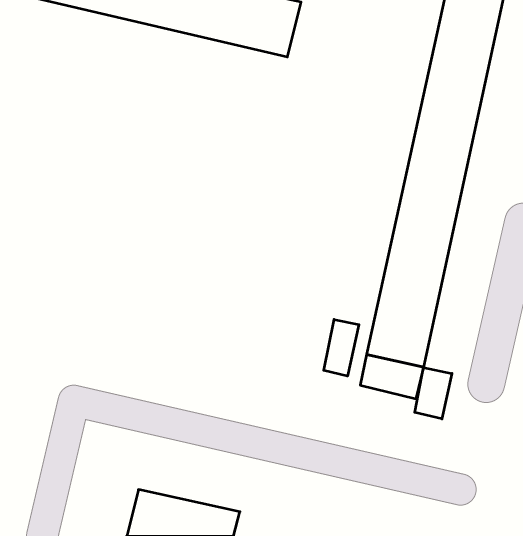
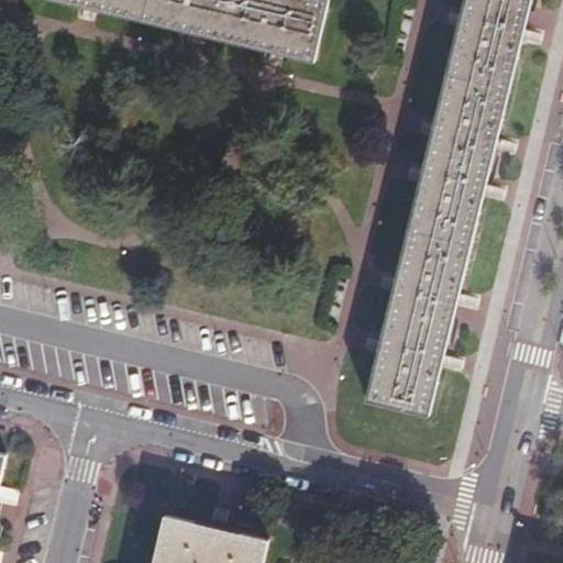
building: [324,319,359,376] -> none
building: [415,367,452,419] -> none

